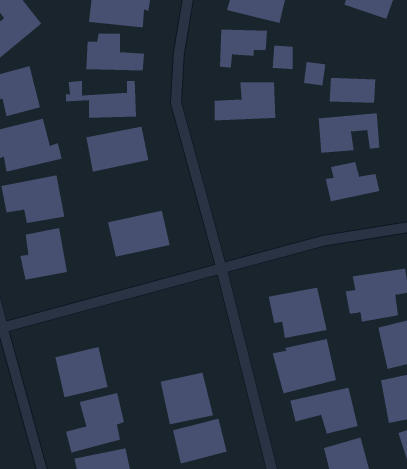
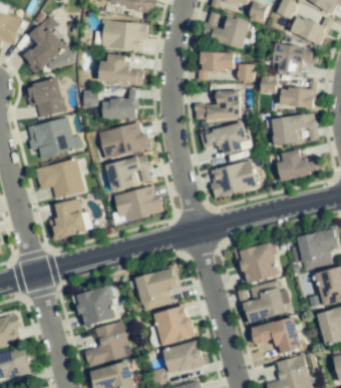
building: none -> [273,43,319,74]
building: none -> [200,122,250,155]
building: none -> [108,156,152,190]
building: none -> [210,161,258,198]
building: none -> [136,268,181,311]

